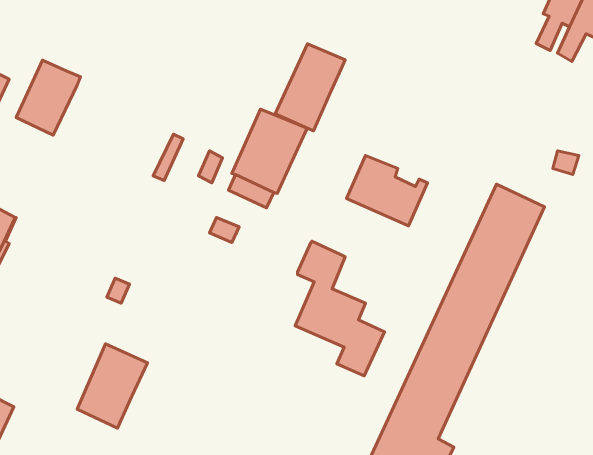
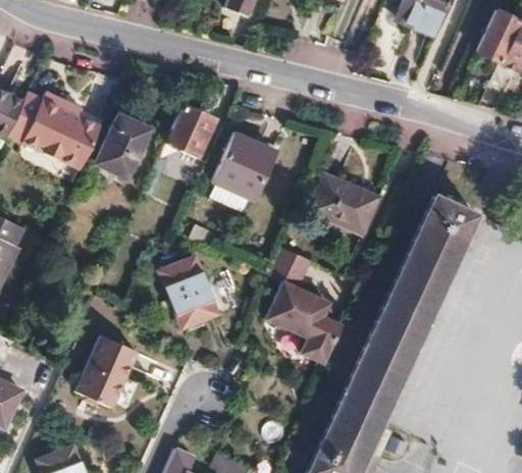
building: [275,44,345,131] -> none
building: none -> [167,104,214,154]
building: none -> [58,105,106,166]
building: none -> [101,117,151,176]
building: none -> [164,256,219,325]

